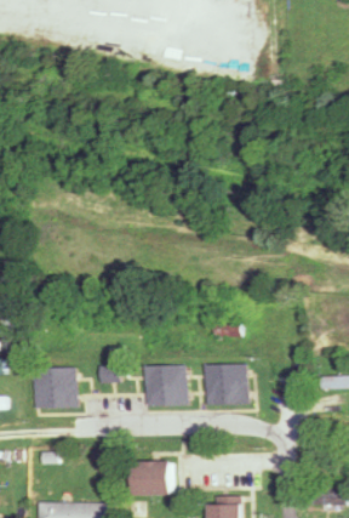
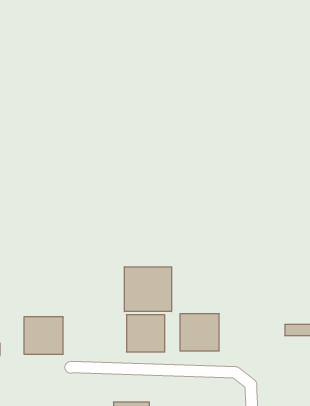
building: none -> [124,267,171,312]

